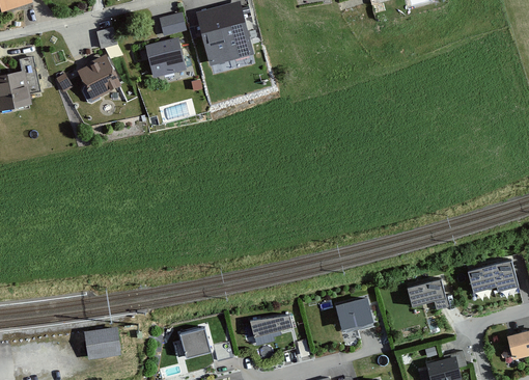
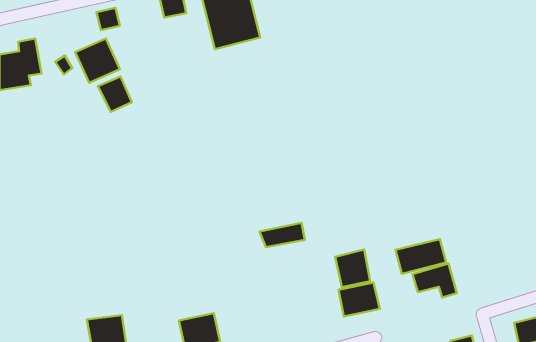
building: [144,36,185,77] -> none
building: none -> [98,77,132,112]
building: [469,261,519,295] -> [396,239,446,274]
building: none -> [335,249,370,287]
building: [247,310,291,334] -> [259,223,305,247]

